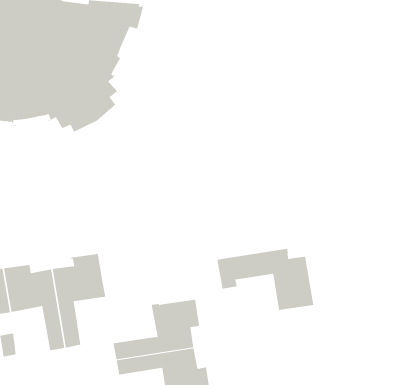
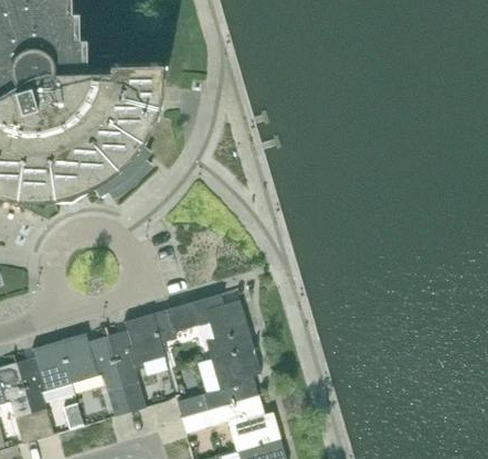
building: [217,248,314,311] -> [151,293,254,357]

